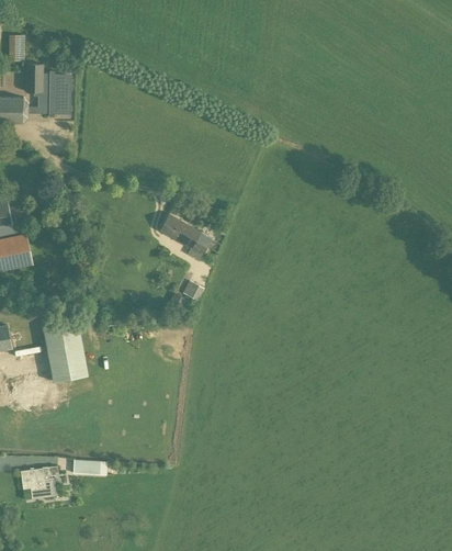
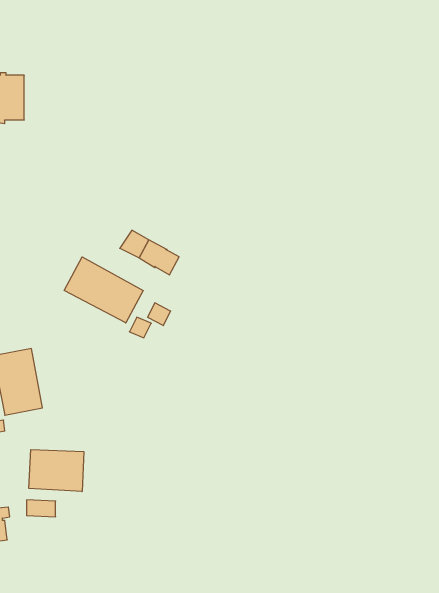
building: none -> [64,257,143,323]
building: none -> [29,450,84,492]

